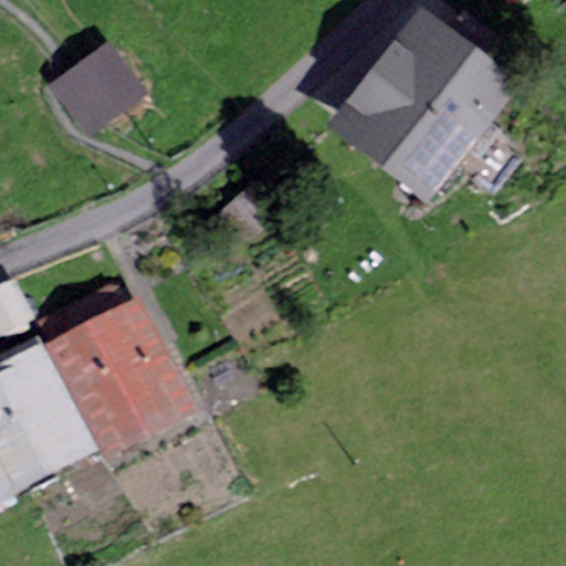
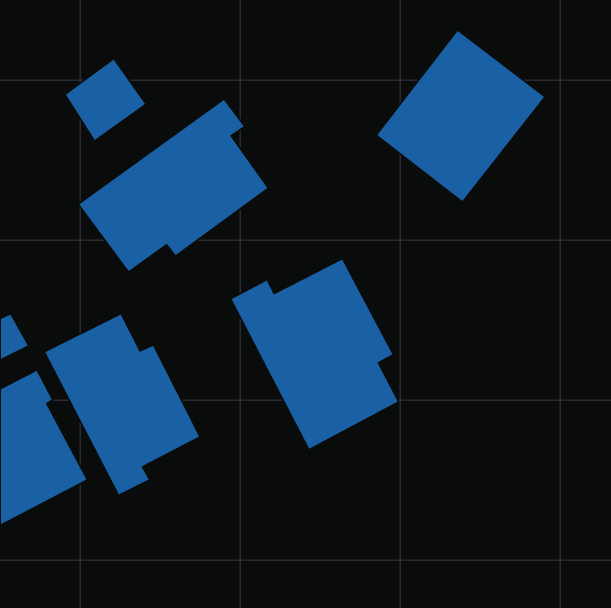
building: none -> [78,99,268,272]
building: none -> [231,258,399,450]

